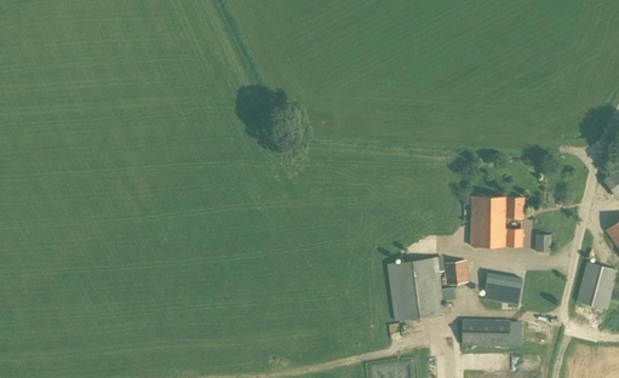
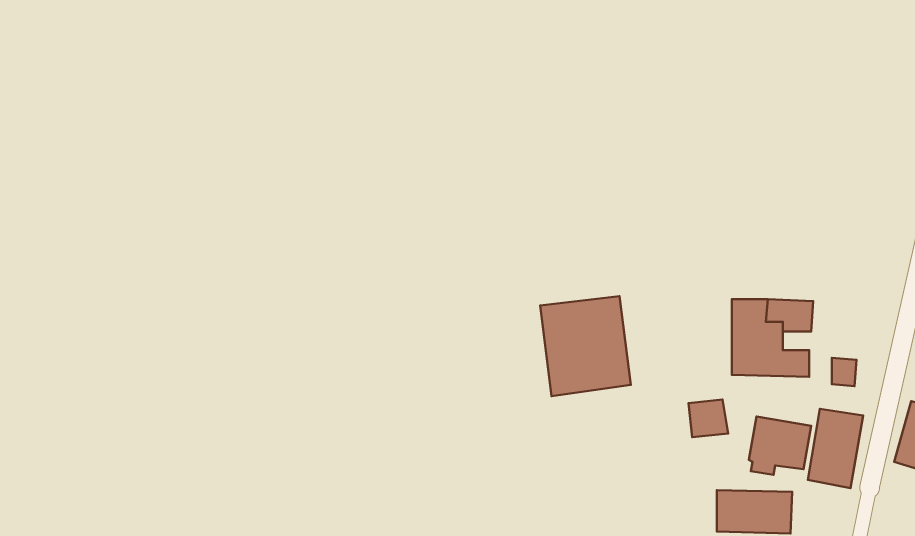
building: [388,257,446,321] -> [540,296,631,396]
building: none -> [808,409,863,488]

